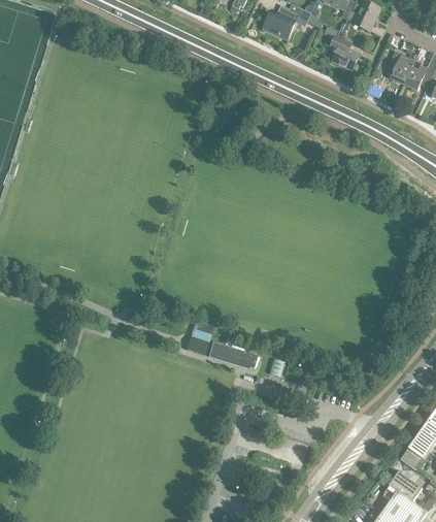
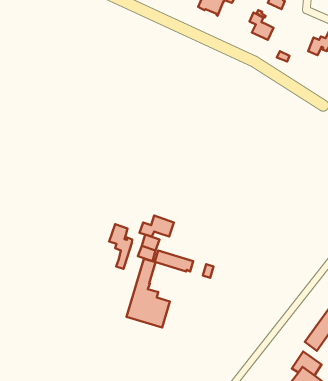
building: [389,51,411,85] -> none
building: none -> [140,216,174,237]
building: none -> [109,224,132,269]
building: none -> [127,259,170,328]

